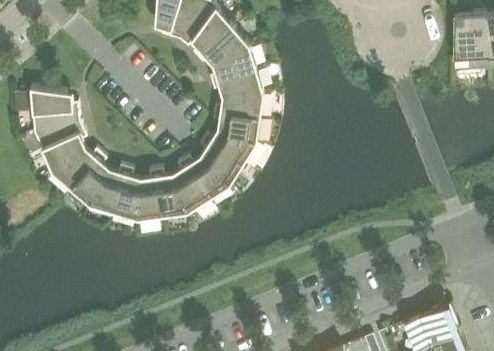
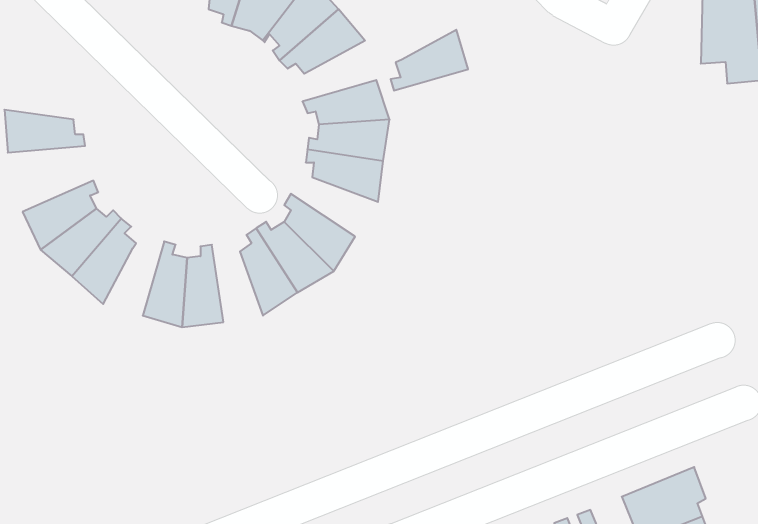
building: [209,46,256,83] -> [391,30,468,91]
building: [32,110,84,150] -> none
building: [204,129,257,165] -> none
building: [90,166,127,213] -> none
building: [156,169,187,217] -> none

